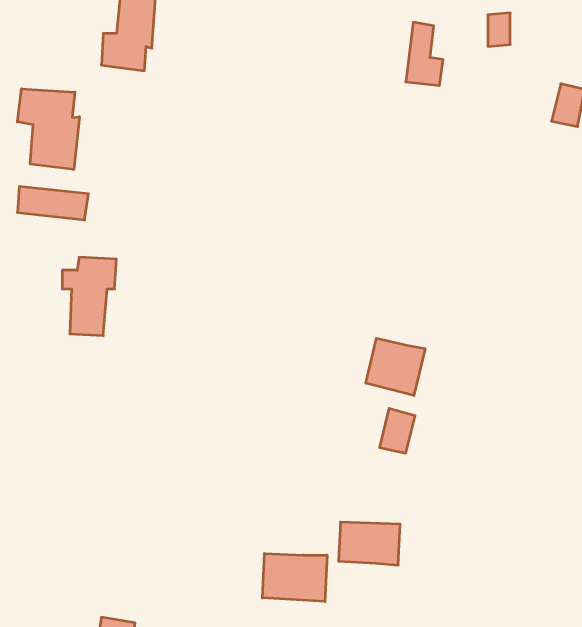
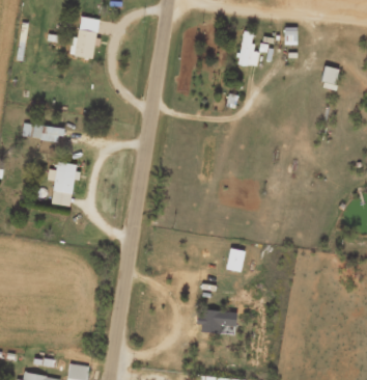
building: [17,89,79,170] -> none
building: [366,338,425,396] -> none
building: [262,553,327,602] -> none

